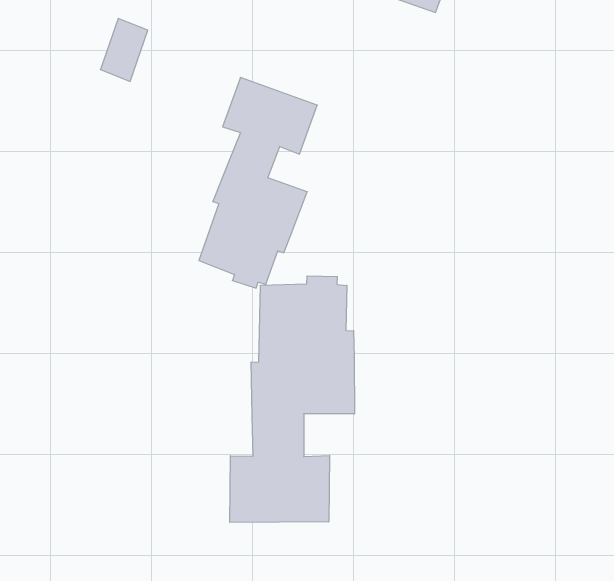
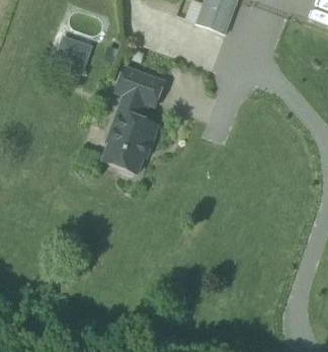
building: [230,276,354,522] -> none

